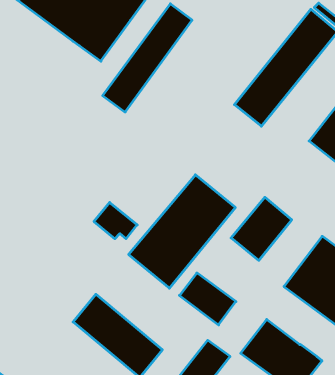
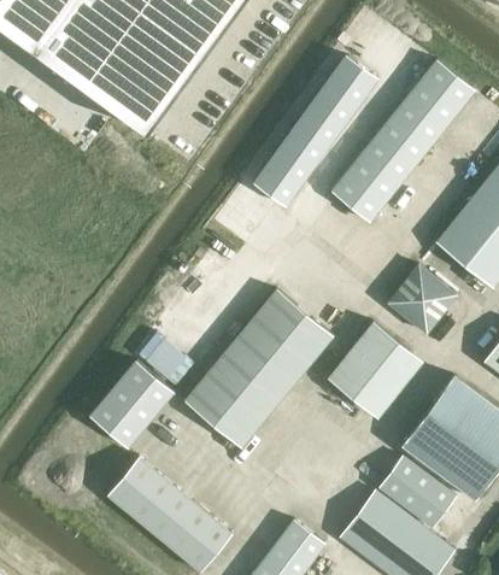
building: [103,4,192,112] -> [253,57,377,207]
building: none -> [388,266,456,334]
building: none -> [89,362,174,448]
building: [179,273,236,325] -> [378,456,457,528]

